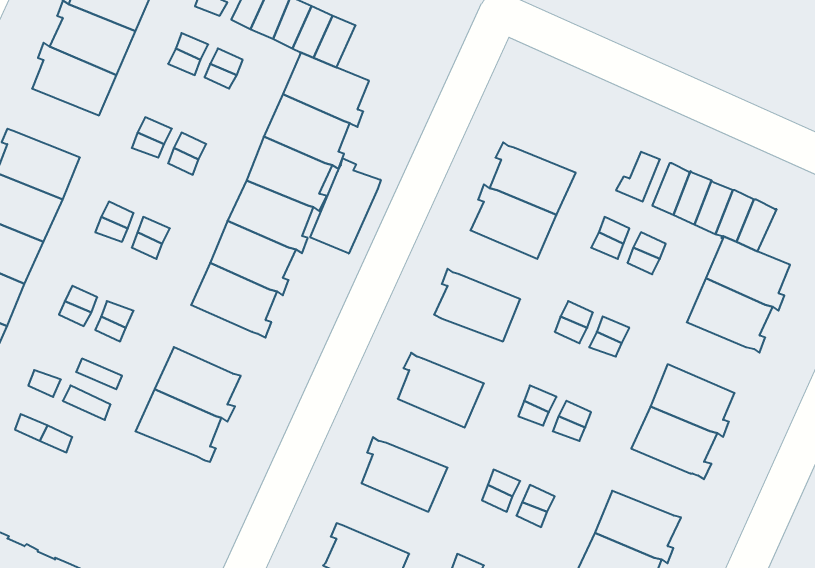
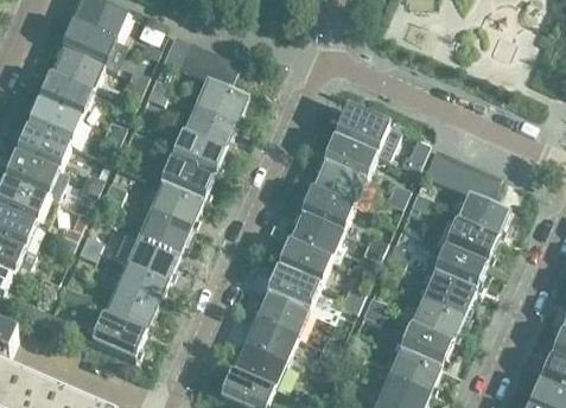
building: none -> [28,94,82,139]
building: none -> [336,103,400,153]
building: [310,158,381,254] -> none
building: none -> [301,183,354,227]
building: none -> [128,230,180,275]
building: none -> [279,235,332,279]
building: none -> [434,241,488,286]
building: none -> [255,286,309,331]
building: none -> [83,308,147,353]
building: none -> [400,319,453,364]
building: none -> [233,339,286,384]

